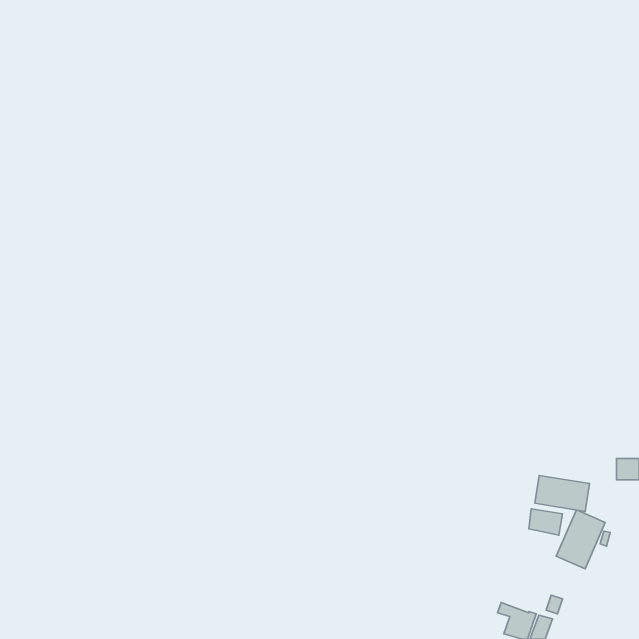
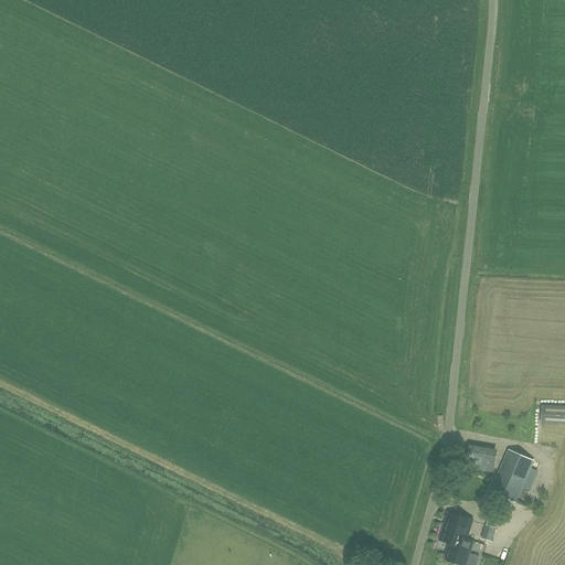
building: [535,475,590,511] -> none
building: none -> [441,511,472,540]

